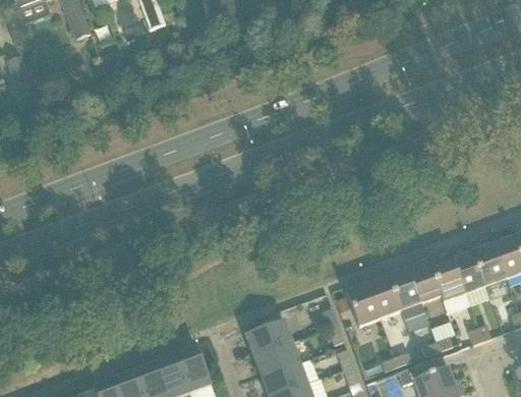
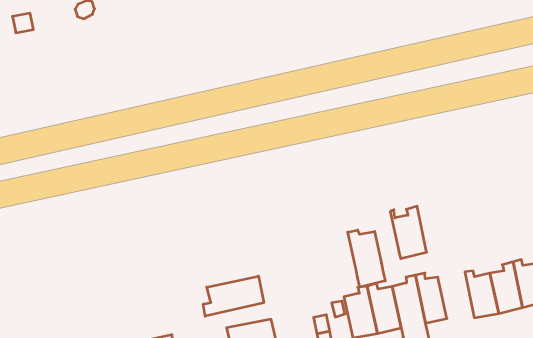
building: none -> [348,230,385,287]
building: [427,253,465,302] -> [390,206,427,259]
building: none -> [203,276,264,316]

